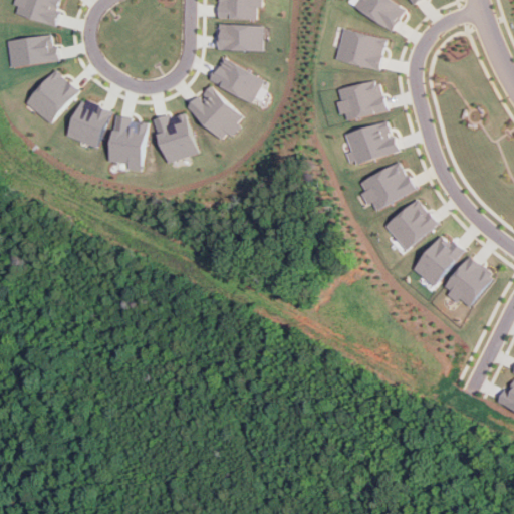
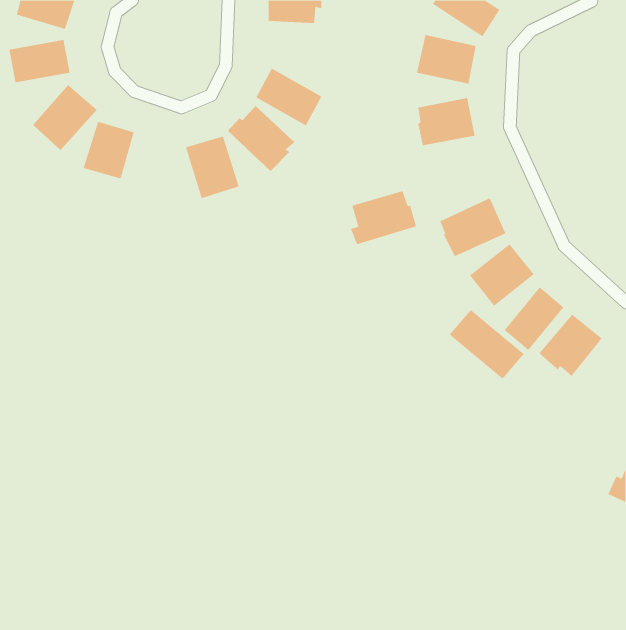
building: [217,24,263,51] -> none
building: [107,114,145,171] -> none
building: [343,121,398,166] -> [350,191,417,245]
building: none -> [449,309,525,379]

